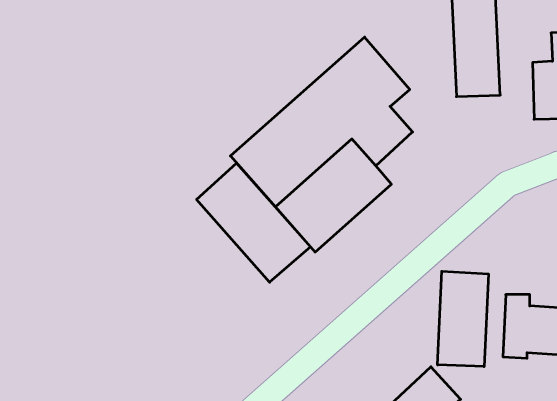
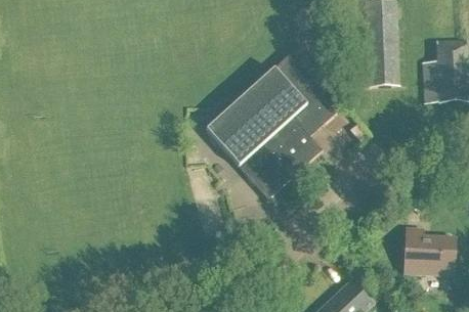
building: [197,163,311,282] -> none
building: [438,271,488,367] -> none

